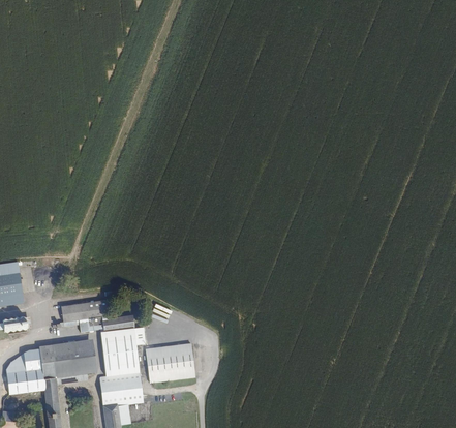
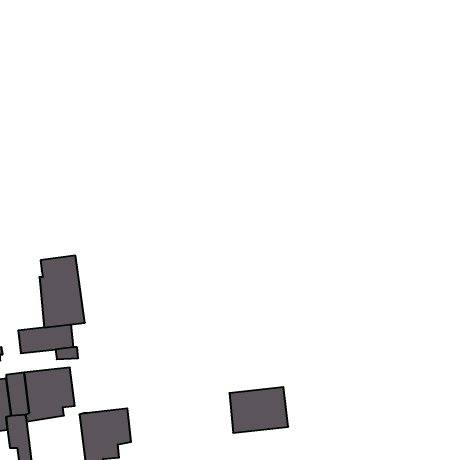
building: [101,313,141,375] -> [39,256,85,327]
building: [147,344,197,384] -> [229,387,288,433]

